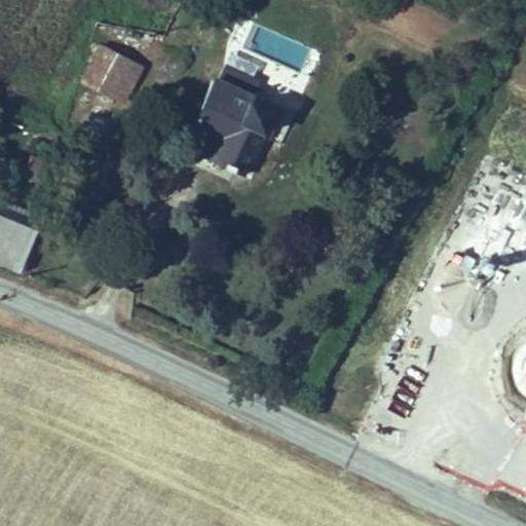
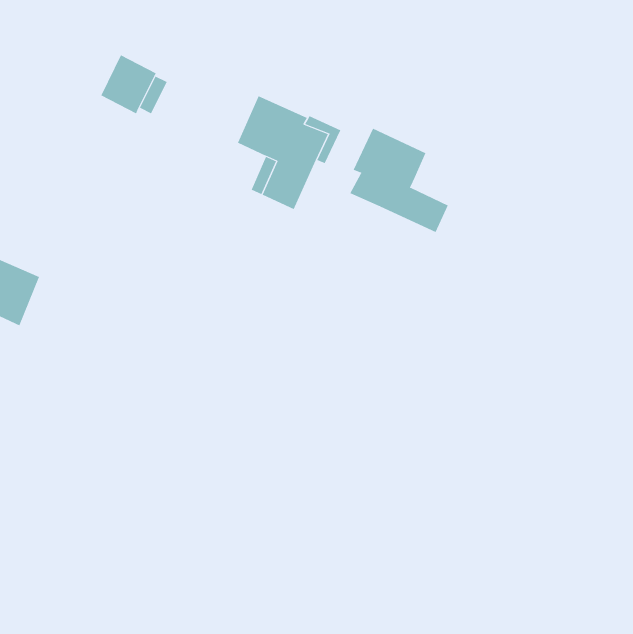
building: none -> [350,128,449,233]

